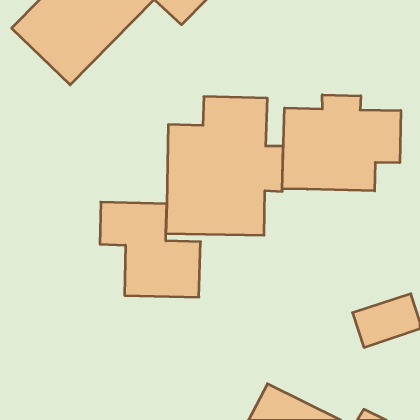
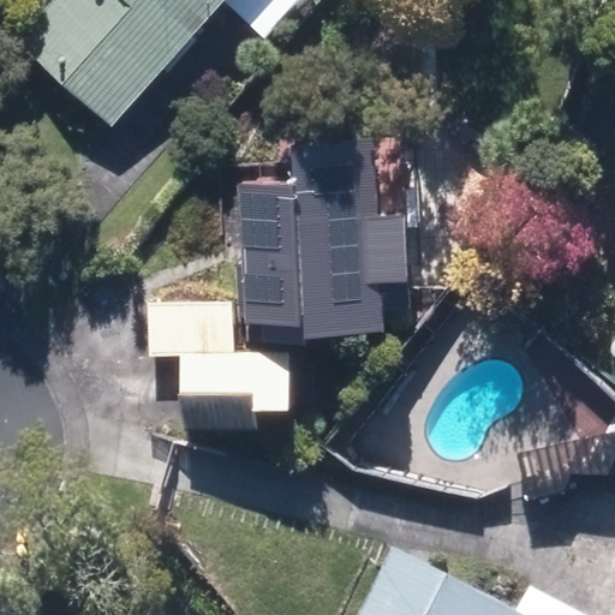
building: [282,95,401,191] -> none

